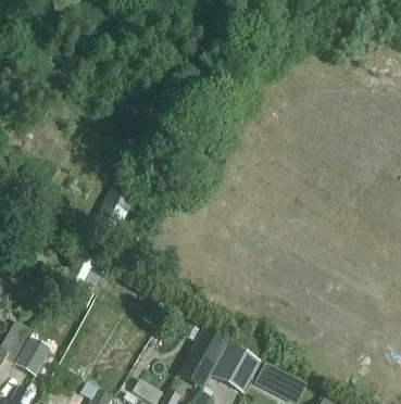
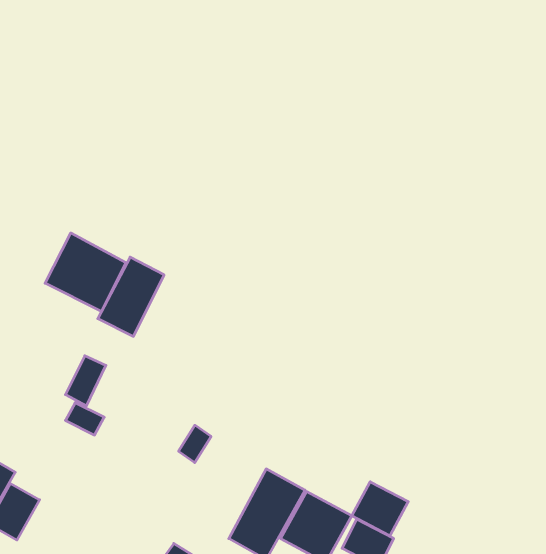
building: none -> [45,233,126,312]
building: none -> [352,482,408,536]

